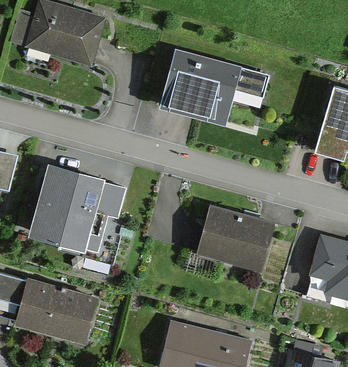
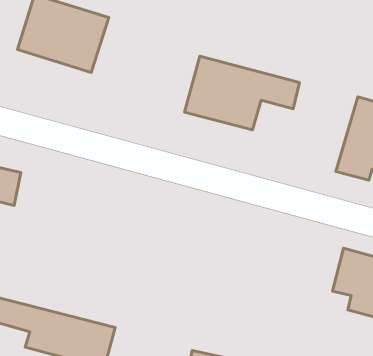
building: [37,170,115,245] -> none
building: [190,201,268,266] -> none

